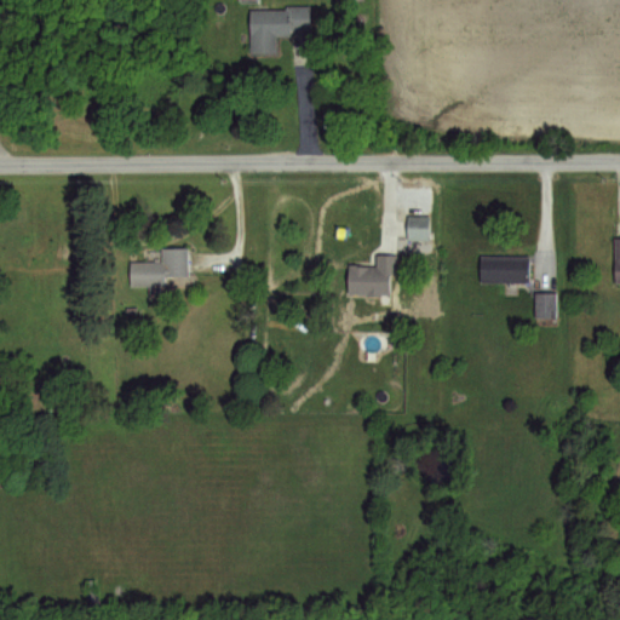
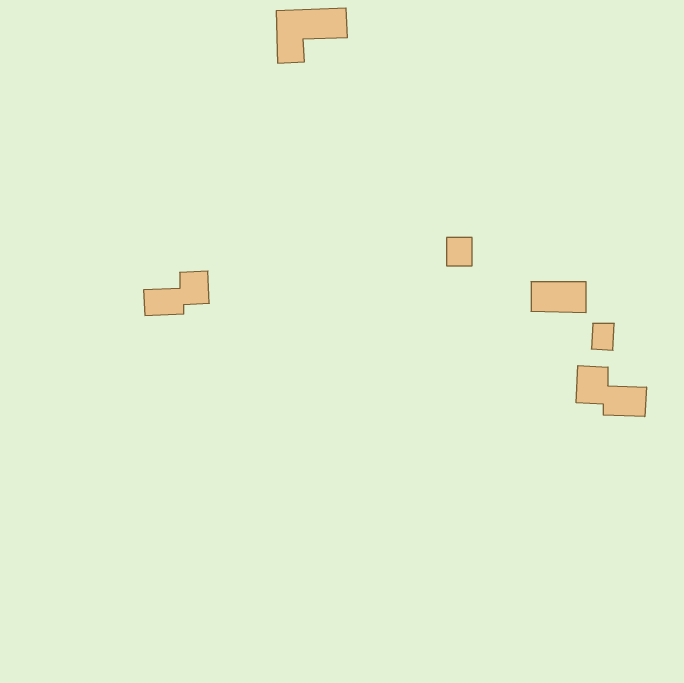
building: [348,254,396,297] -> none
building: none -> [576,366,646,417]

